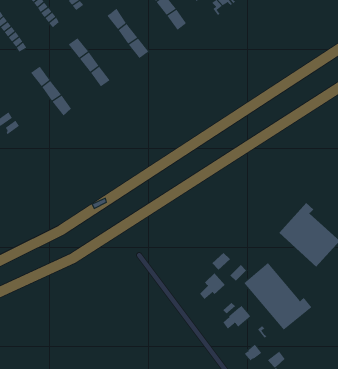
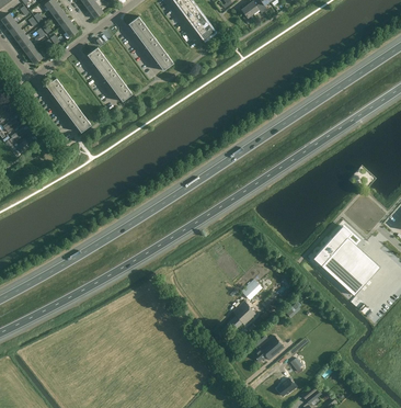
building: [244,262,312,330] -> none

